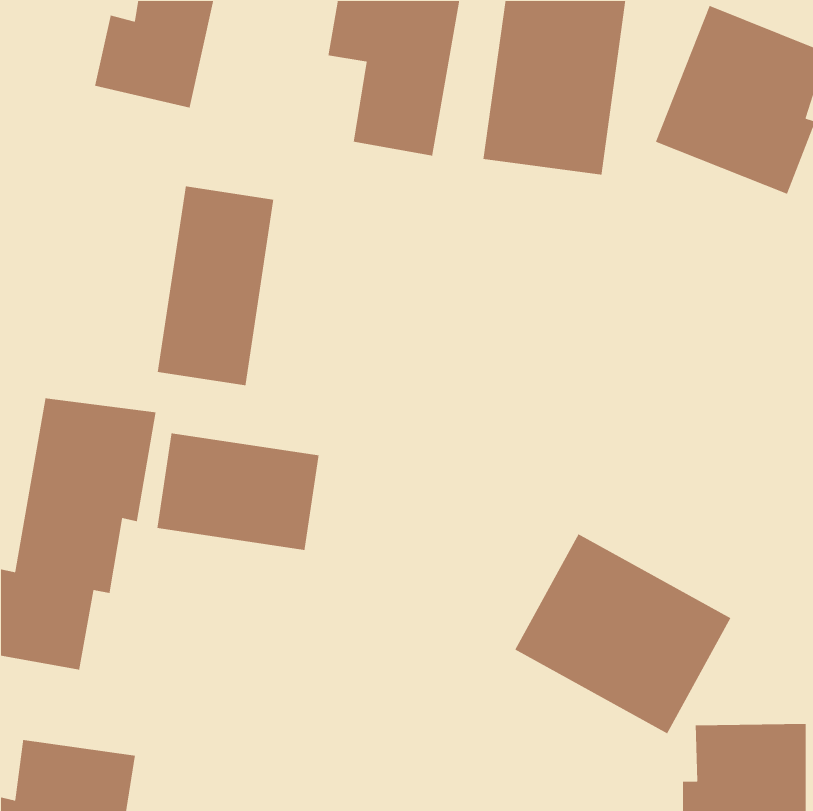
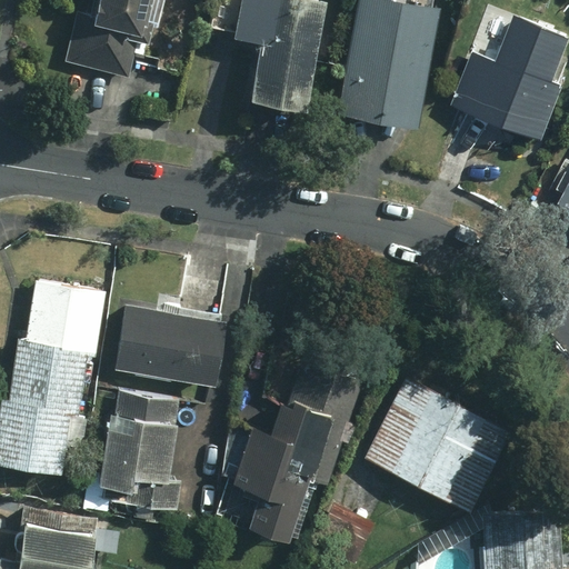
building: [157,186,274,386] -> none
building: none -> [214,359,368,541]
building: none -> [83,388,182,517]

